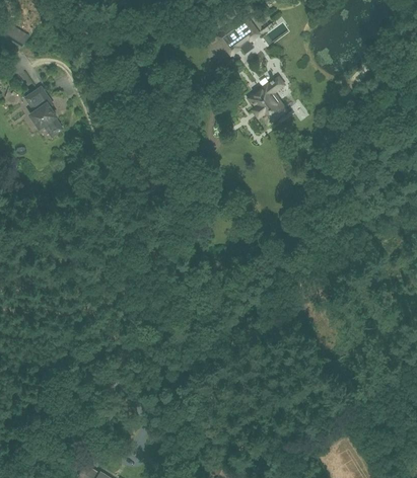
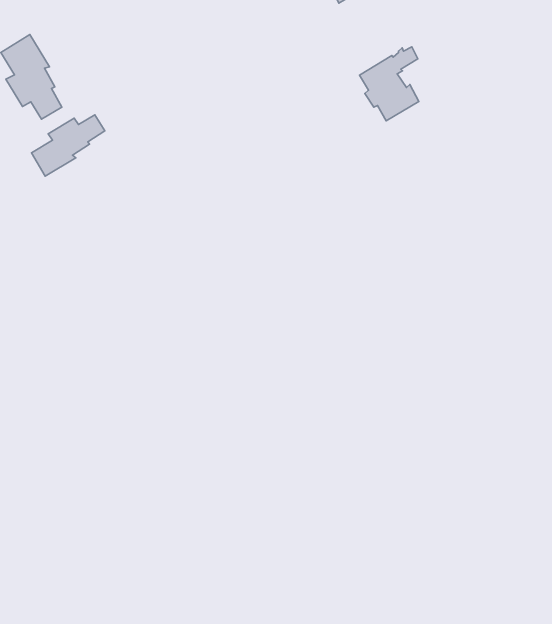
building: none -> [31,115,105,176]

